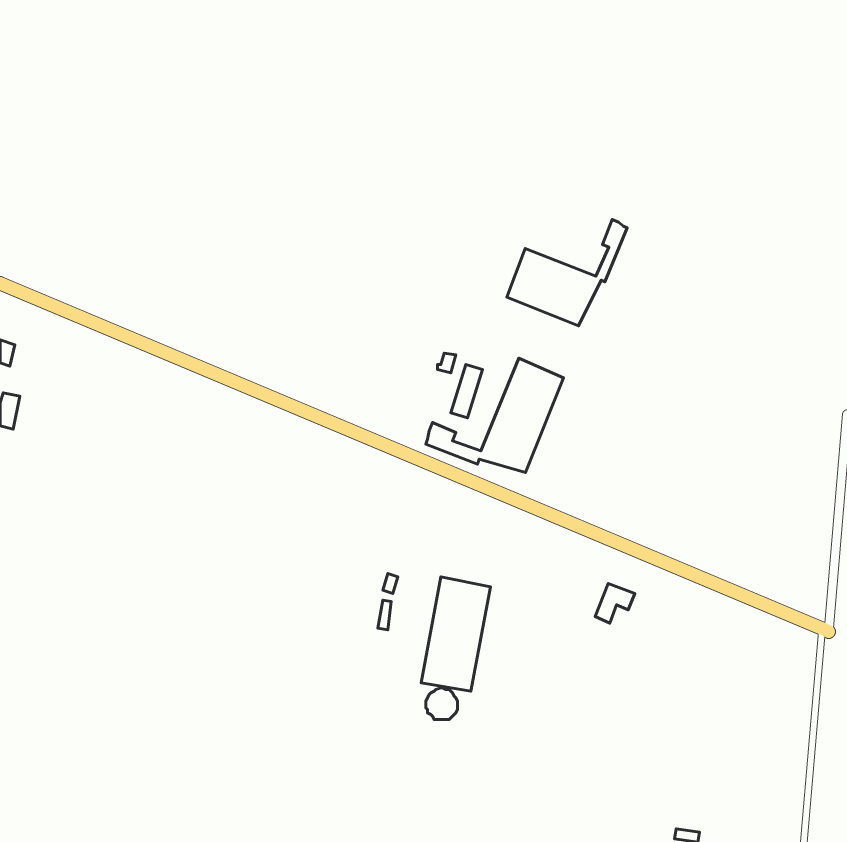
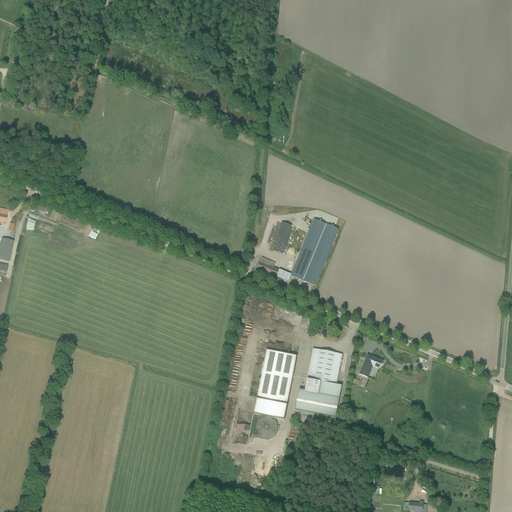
building: [507,220,627,326] -> none
building: none -> [295,346,342,417]

